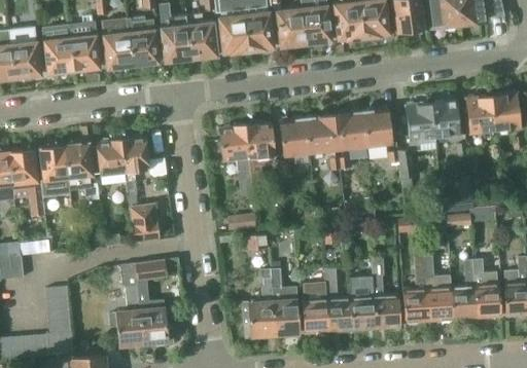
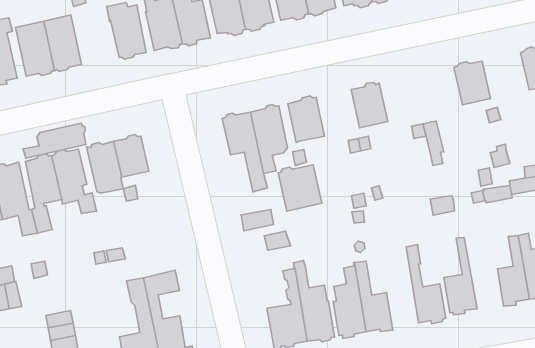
building: [103,23,133,68] -> none
building: [465,94,495,133] -> none
building: [405,101,435,150] -> none
building: [362,107,392,145] -> none
building: [305,113,341,152] -> [278,165,322,211]
building: none -> [23,123,86,158]
building: [130,203,159,240] -> none
building: [424,254,453,321] -> none
building: [350,258,376,331] -> none

